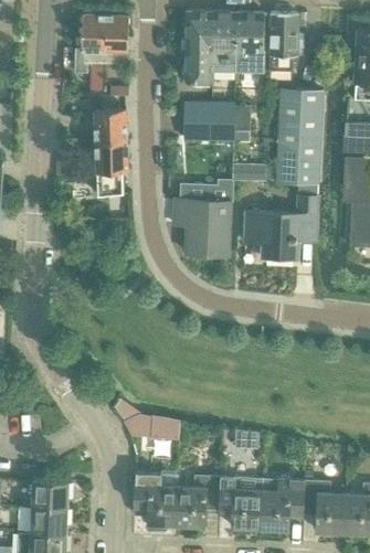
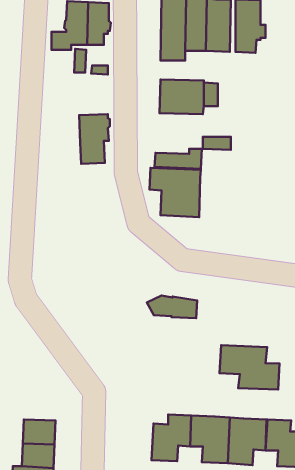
building: [245,88,323,257] -> none
building: [95,108,128,141] -> none
building: none -> [219,345,280,389]
building: [123,415,179,440] -> [147,295,197,318]
building: [134,471,178,525] -> none

